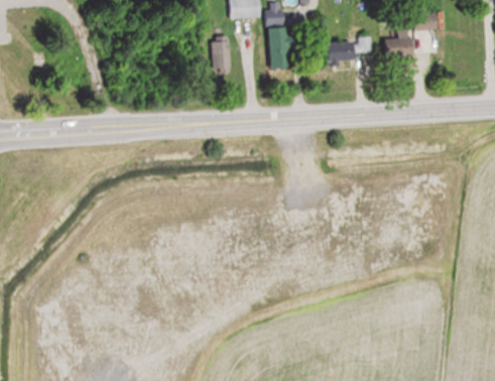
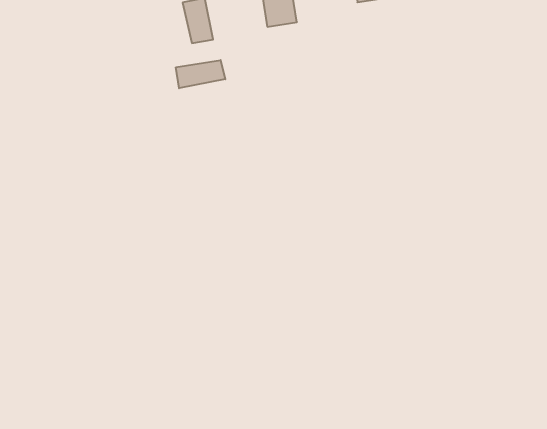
building: none -> [176,60,225,88]

